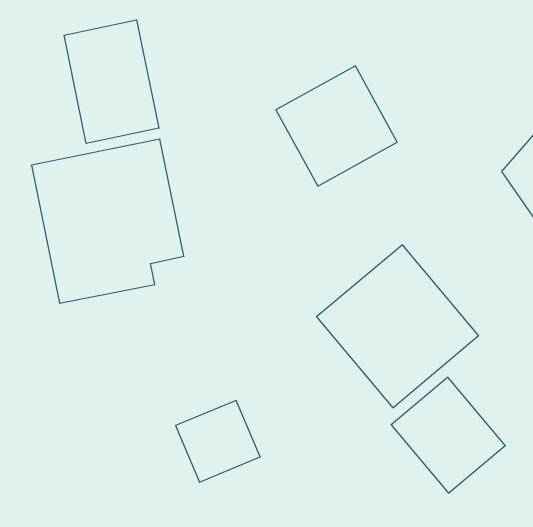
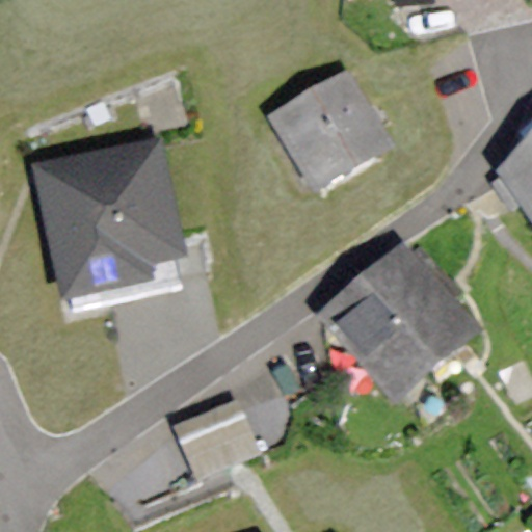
building: [64,20,159,143] -> none
building: [391,377,505,493] -> none

